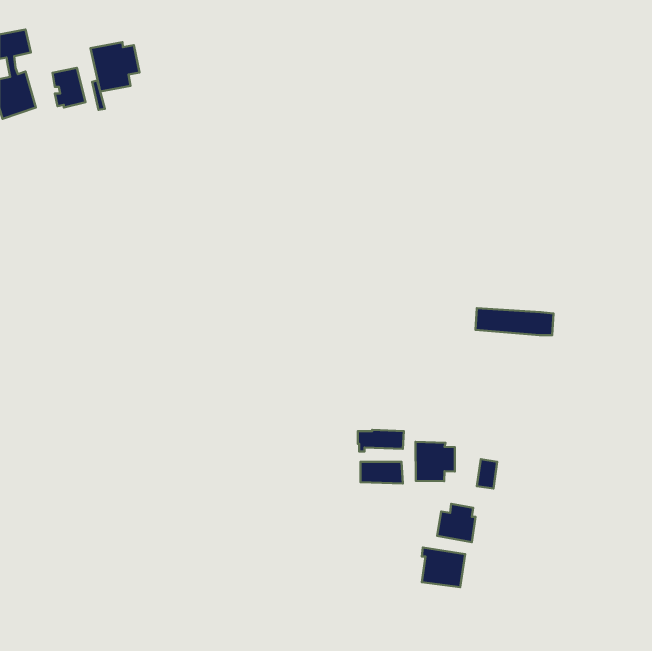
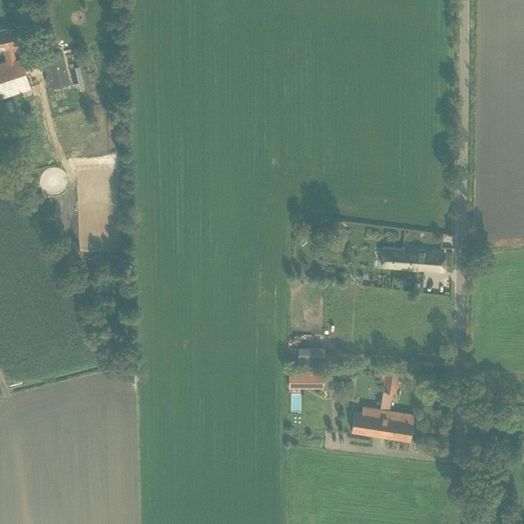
building: [91,42,140,91] -> none
building: [416,442,455,481] -> none
building: [422,548,465,587] -> [378,406,412,438]

